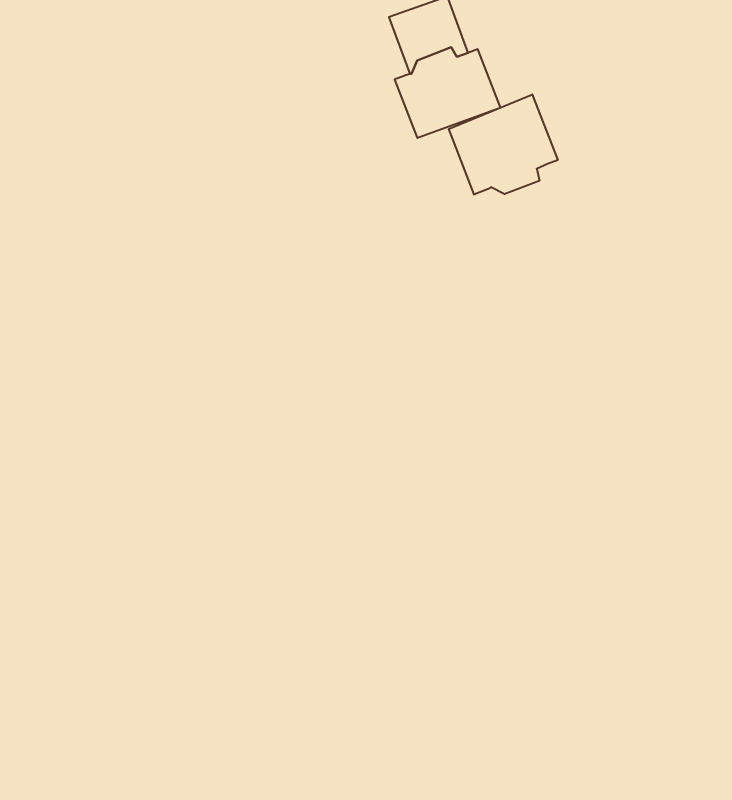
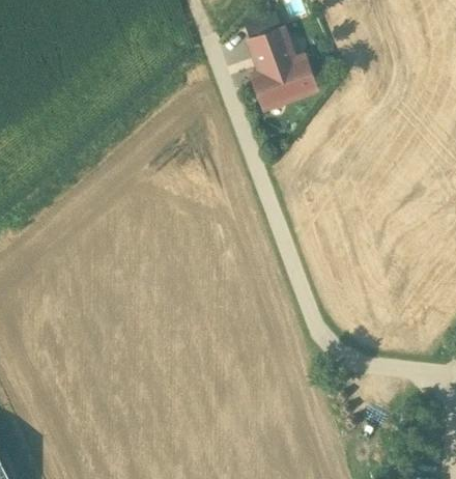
building: [449,94,558,195] -> none

